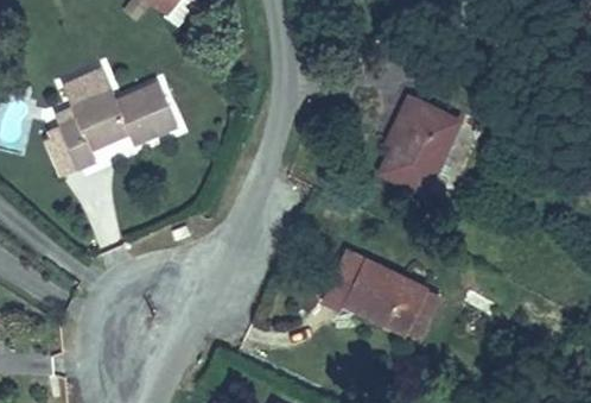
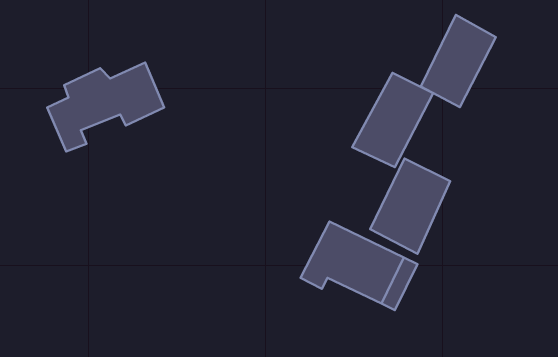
building: none -> [421,15,496,107]
building: none -> [370,158,450,254]

